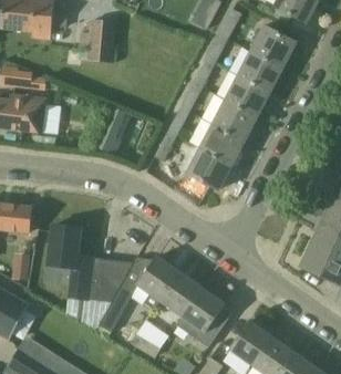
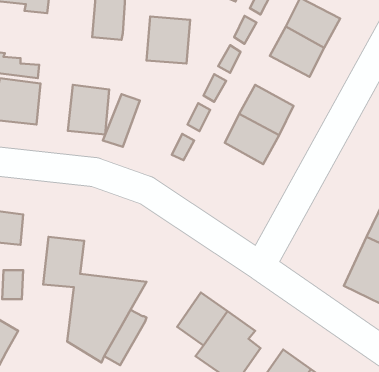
building: none -> [147,17,190,64]
building: [225,74,270,116] -> none
building: none -> [68,85,109,134]
building: [186,147,231,189] -> none
building: [135,256,179,308] -> none

